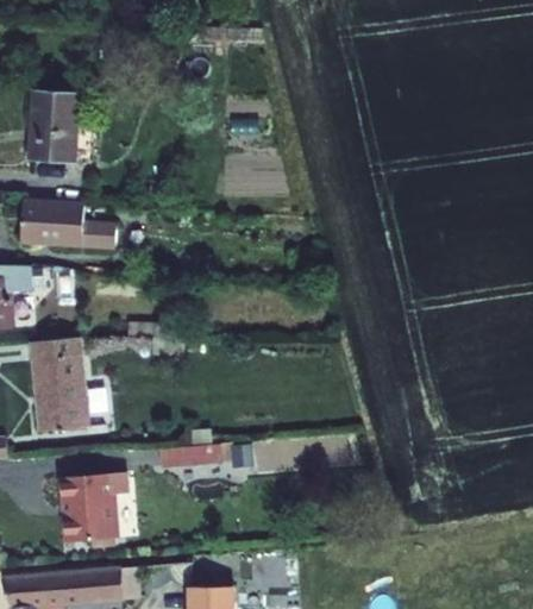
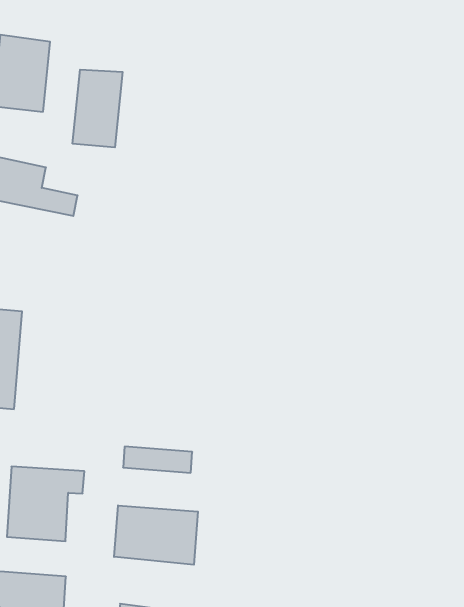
building: none -> [73,70,123,147]
building: none -> [114,505,198,565]

